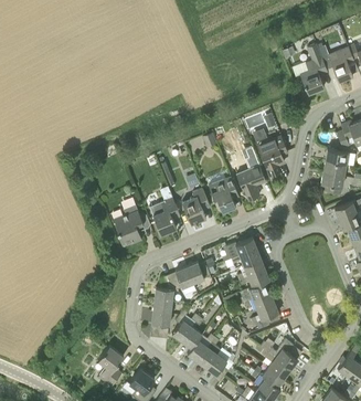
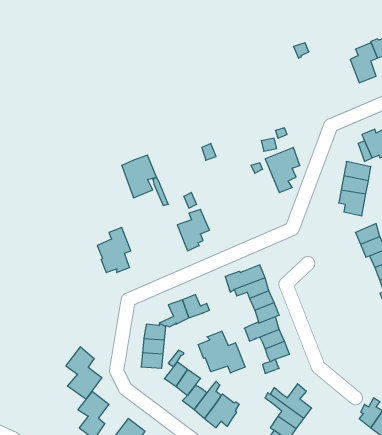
building: [293,43,328,93] -> none
building: [237,165,267,199] -> none
building: [210,176,240,212] -> none
building: [151,198,181,234] -> [122,155,157,198]
building: none -> [198,331,245,373]
building: none -> [66,347,102,399]

